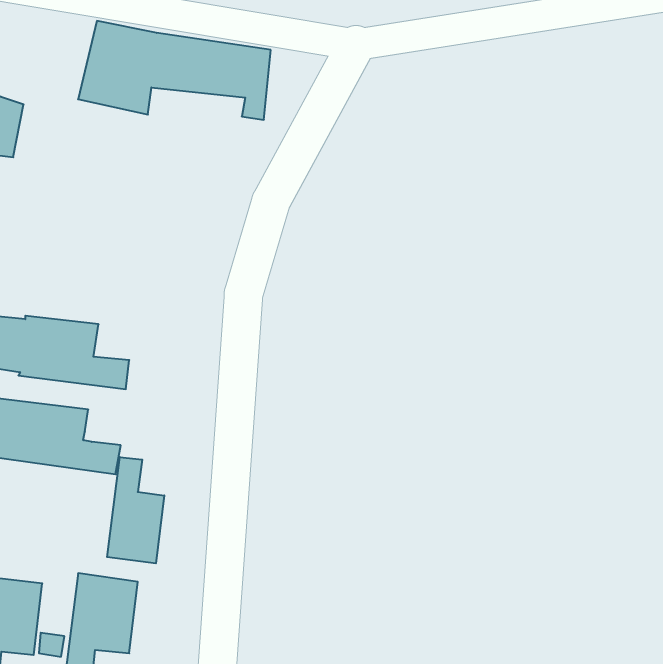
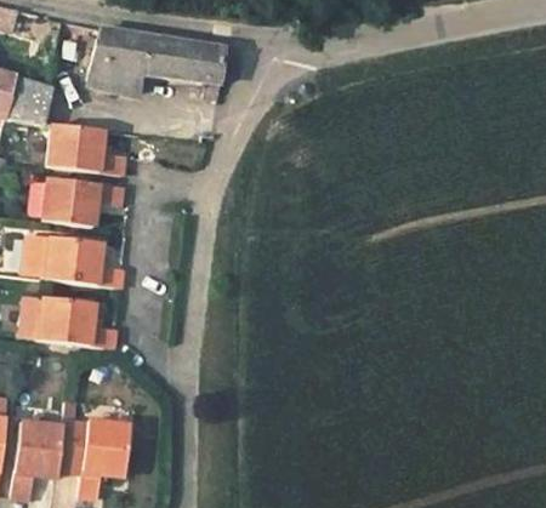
building: none -> [46,122,125,173]
building: none -> [41,177,123,226]
building: [107,457,164,563] -> none

